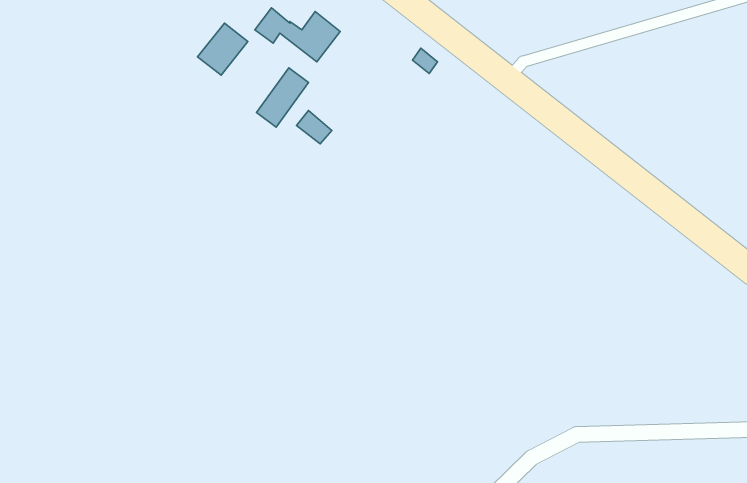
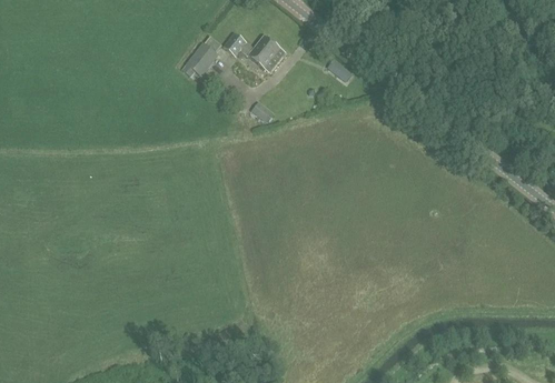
building: [256,68,308,127] -> none

